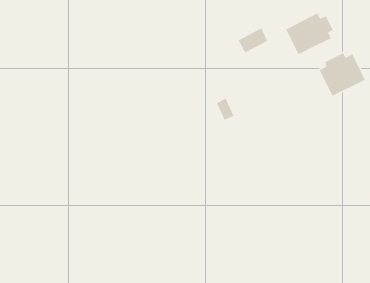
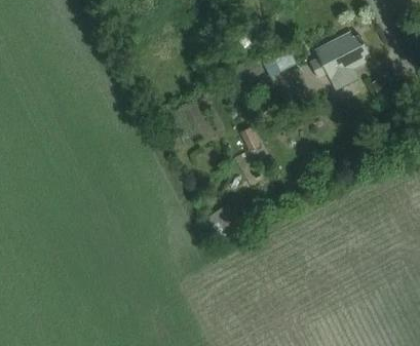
building: [318,52,366,97] -> none

